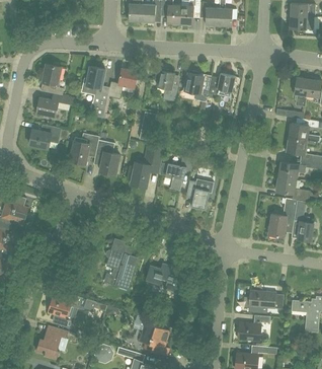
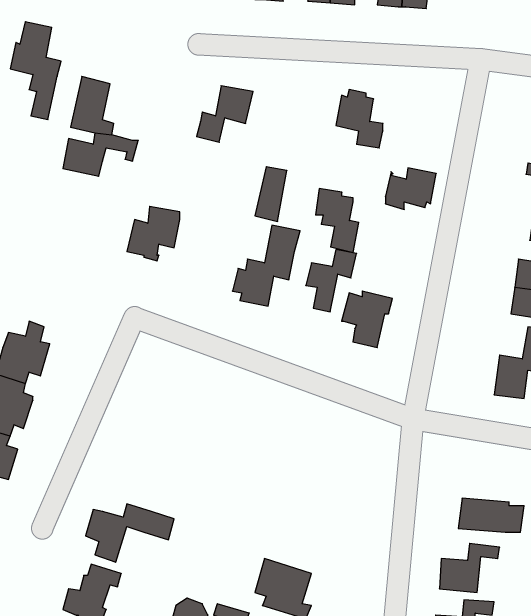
building: [82,66,109,119] -> [10,22,61,120]
building: [154,67,177,101] -> [316,189,359,253]
building: [208,73,235,95] -> [385,168,436,209]
building: [28,125,69,148] -> none
building: [93,140,119,174] -> none
building: [105,238,138,289] -> none
building: [145,263,182,294] -> none

